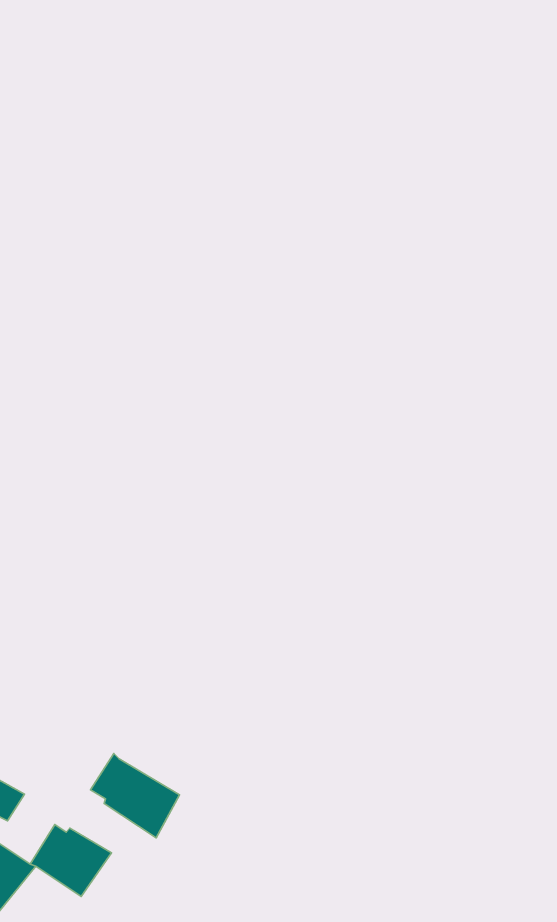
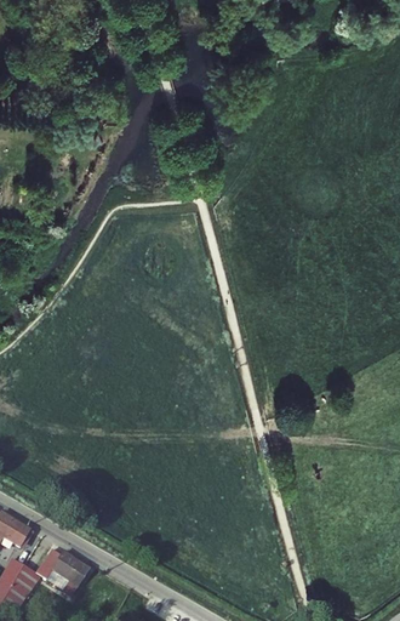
building: [90,754,179,838] -> none

